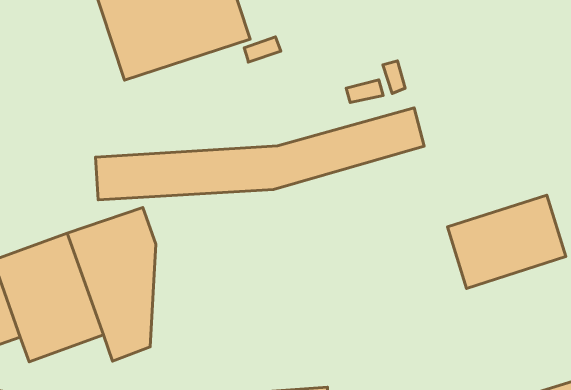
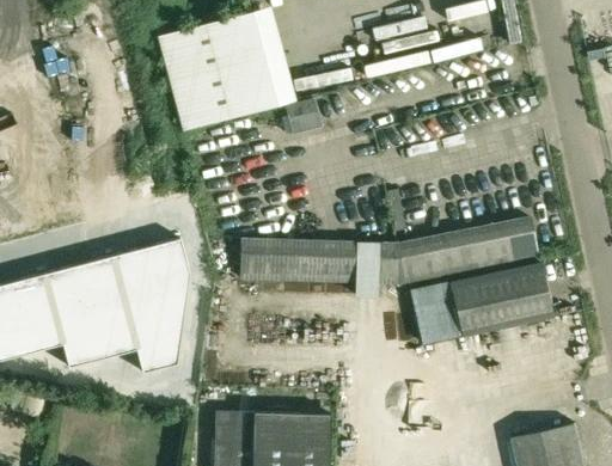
building: [96,108,424,200] -> [240,221,534,282]
building: none -> [411,281,464,345]

